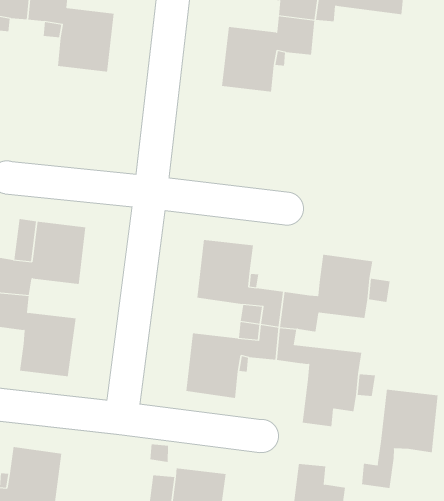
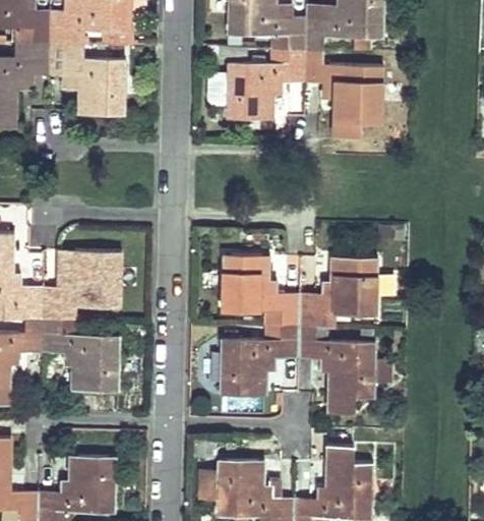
building: none -> [305,50,381,136]
building: [361,389,438,489] -> none

